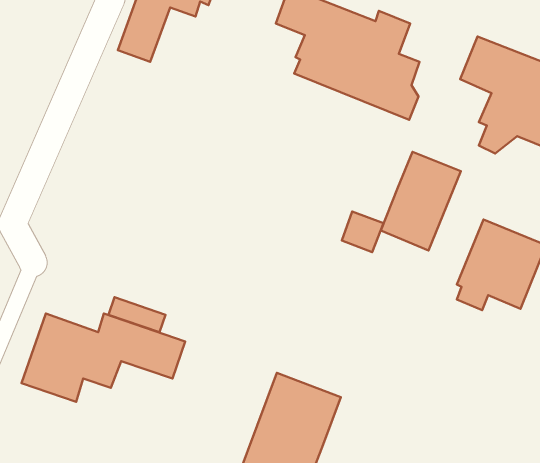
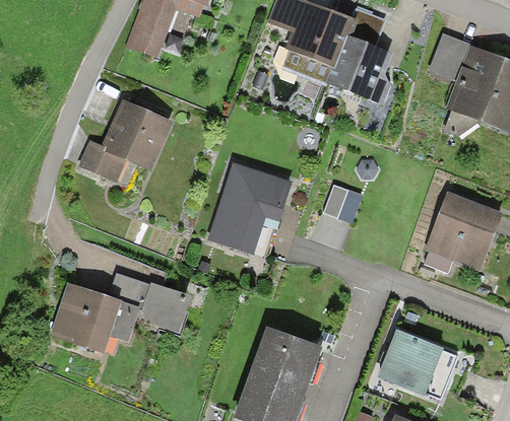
building: none -> [77,99,168,186]
building: [381,152,461,250] -> none
building: none -> [208,164,292,254]
building: none -> [378,328,458,398]

